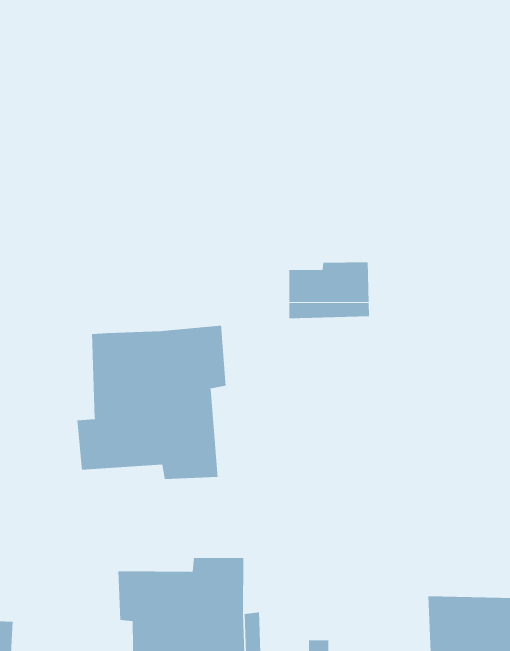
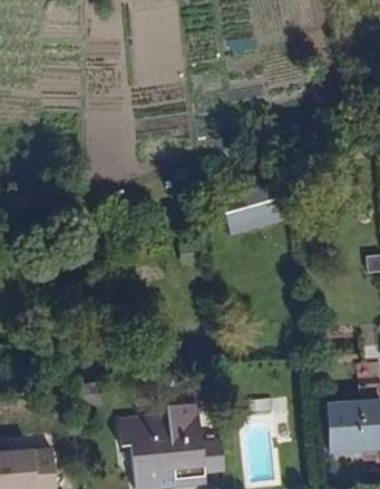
building: [77,325,226,480] -> none

